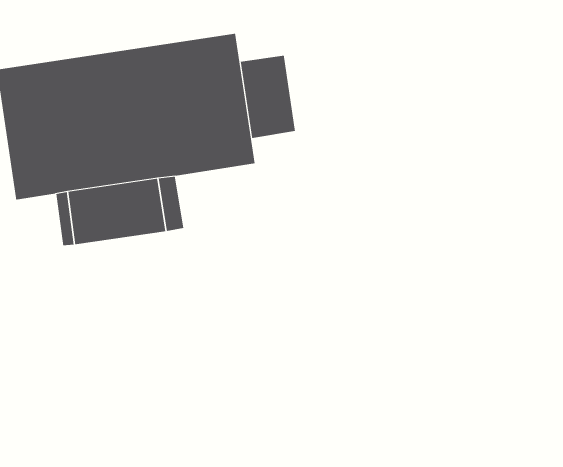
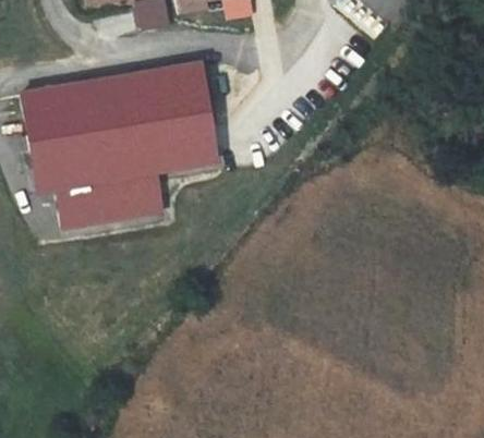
building: [240,55,296,139] -> none

